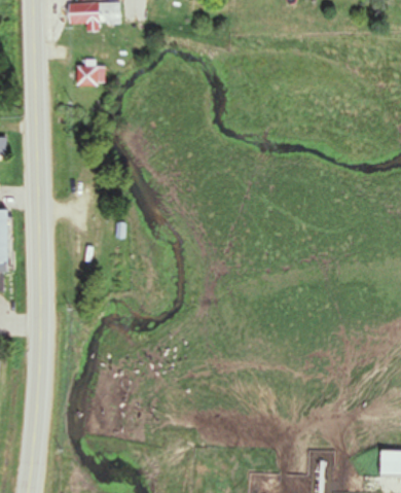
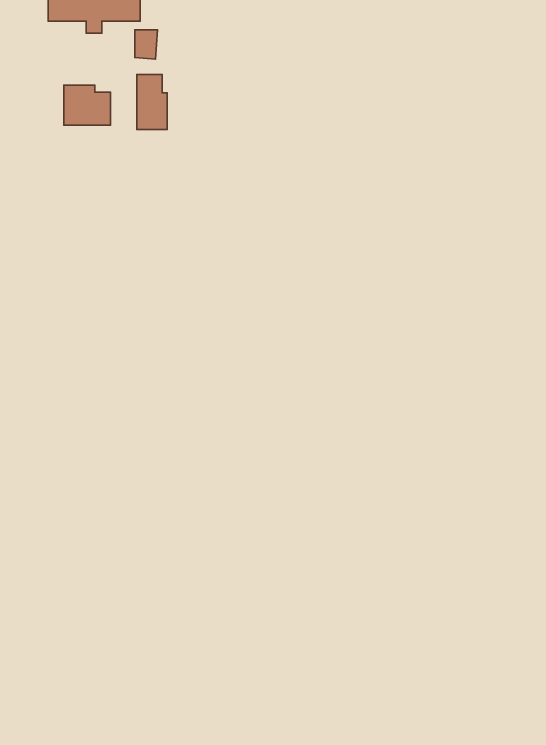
building: none -> [137,74,167,130]

